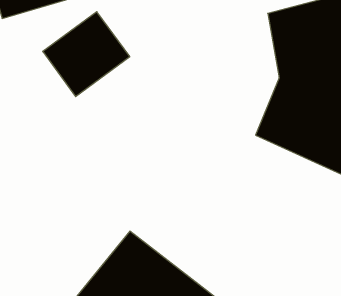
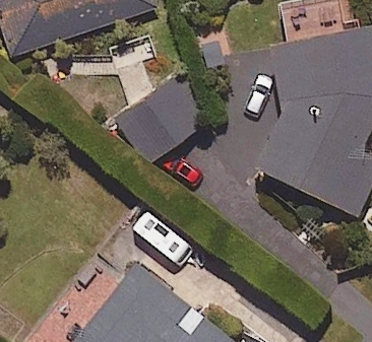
building: [43,12,130,97] -> [119,78,205,162]

